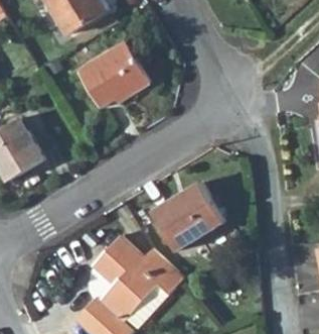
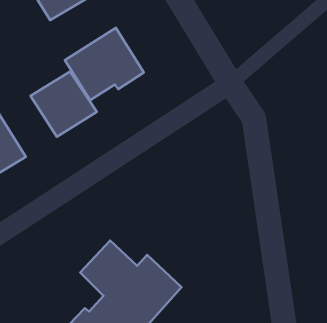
building: none -> [31,72,97,137]
building: [154,181,226,249] -> none

